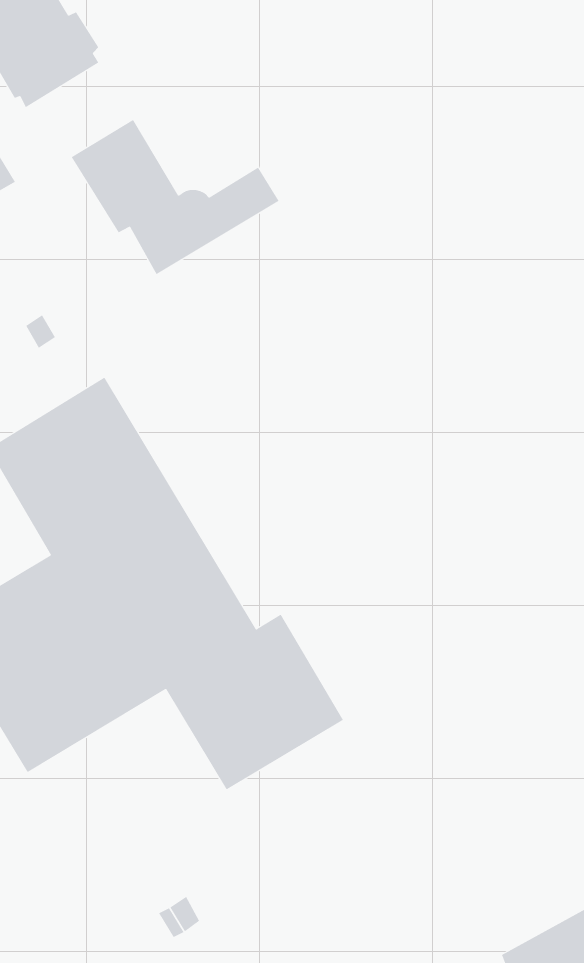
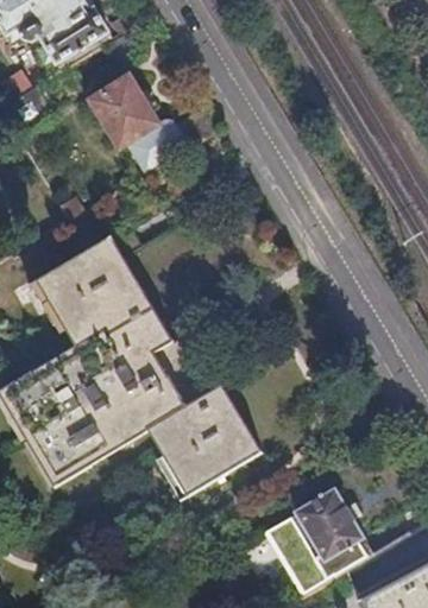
building: none -> [278,489,369,577]

